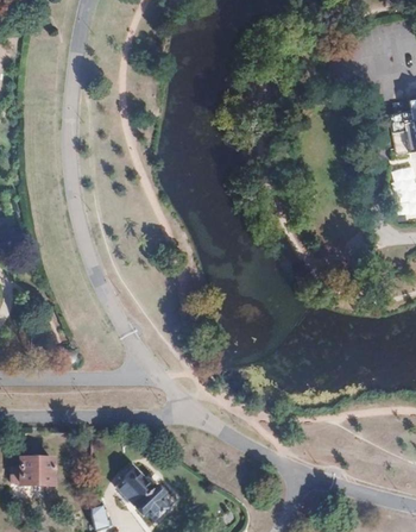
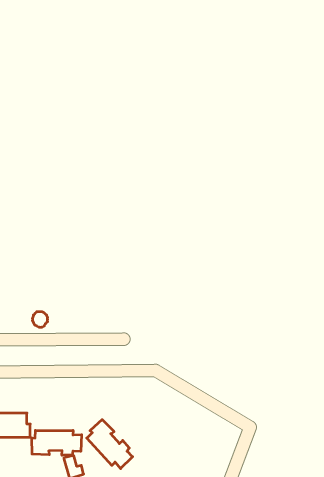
building: none -> [32,430,82,455]

